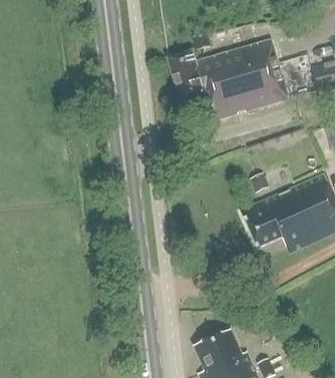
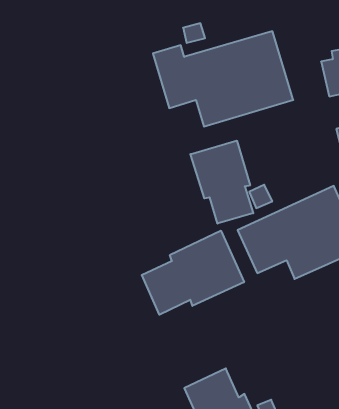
building: none -> [190,141,253,224]
building: none -> [142,231,244,315]

